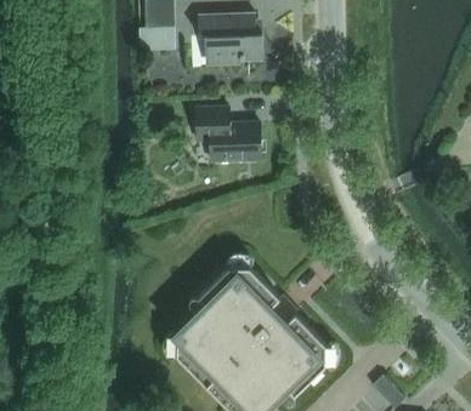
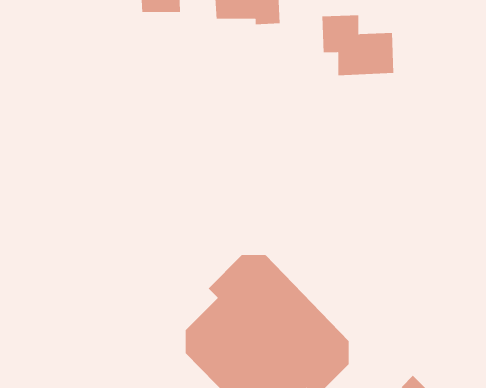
building: [195,108,261,162] -> [321,15,394,76]

